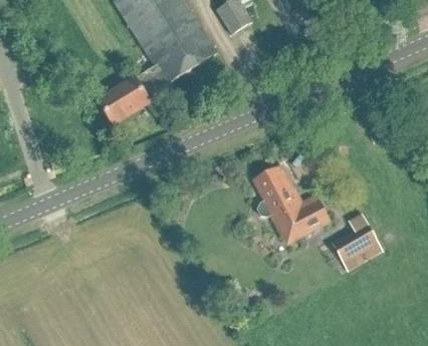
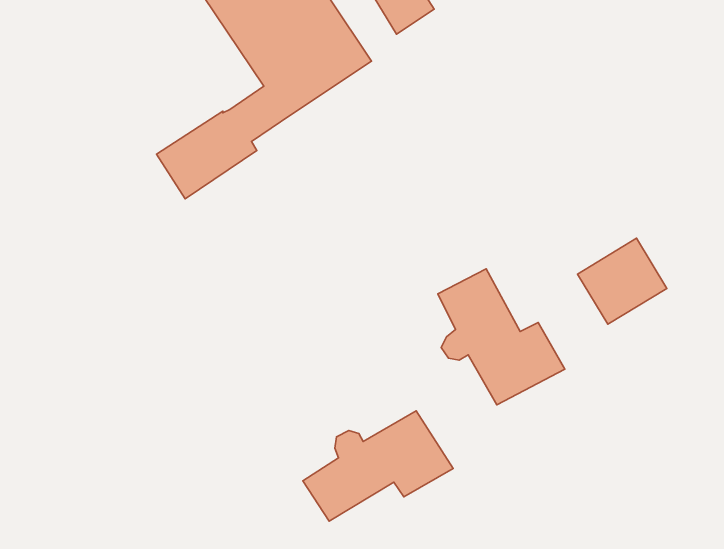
building: [330,223,380,271] -> [577,238,667,324]
building: none -> [303,411,453,521]

